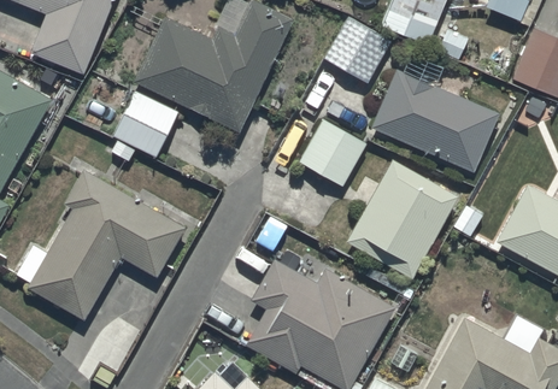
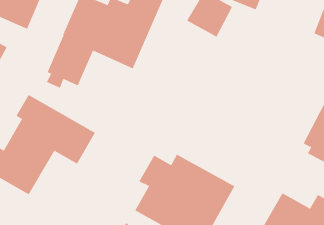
building: [372,48,498,171] -> none
building: [299,119,368,188] -> none
building: [346,159,459,279] -> none

